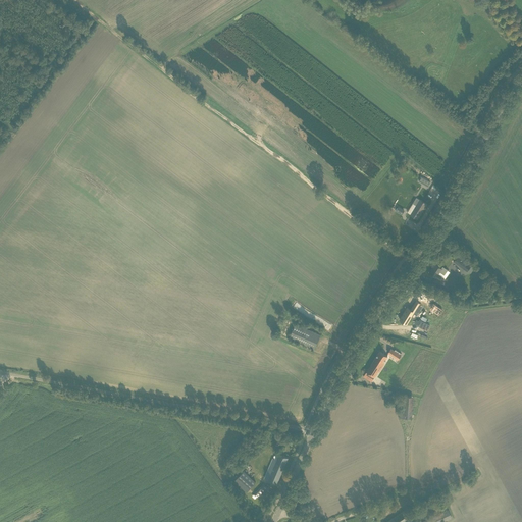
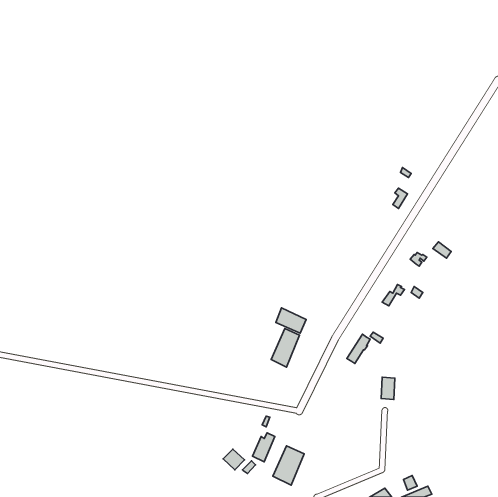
building: none -> [271,328,300,367]
building: none -> [273,446,304,485]

